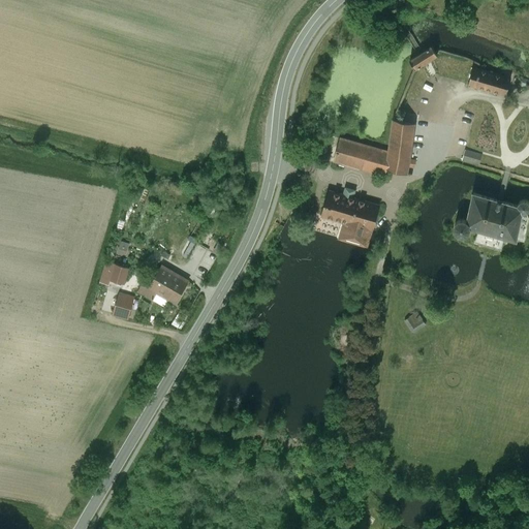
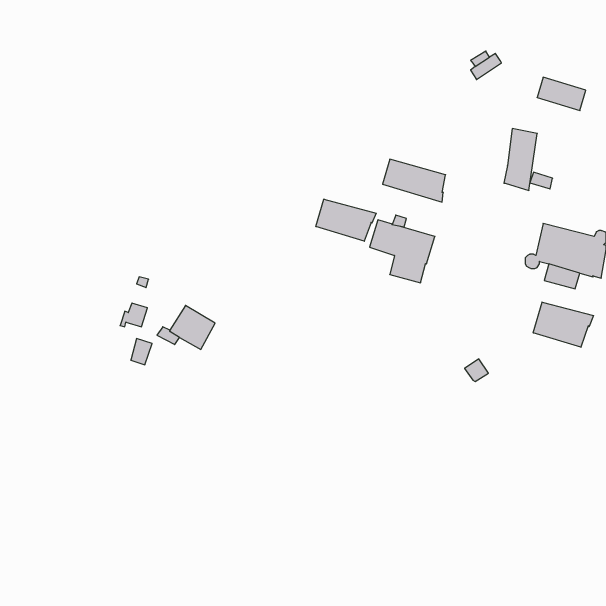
building: [384,121,413,175] -> [504,129,537,190]
building: none -> [316,199,376,241]
building: none -> [533,302,593,347]

